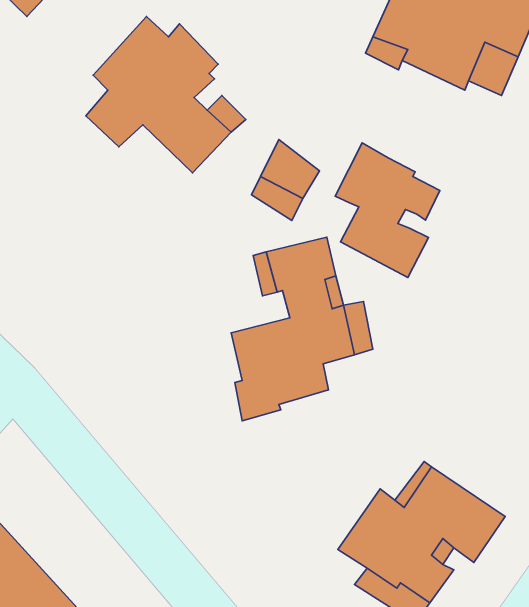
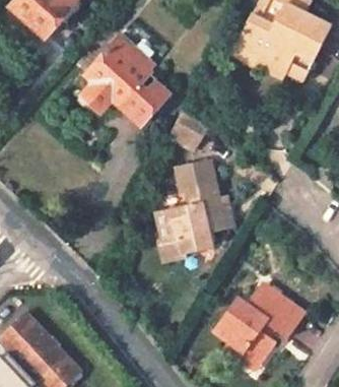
building: [335,143,440,277] -> none

